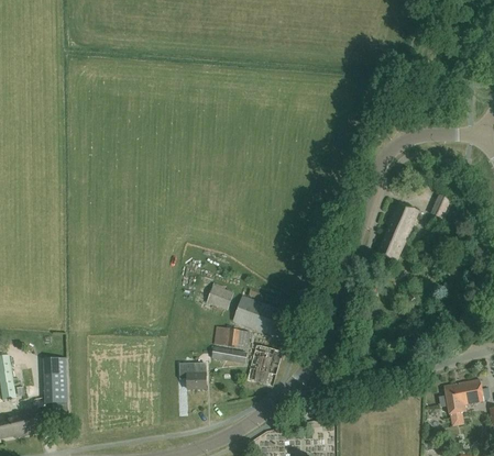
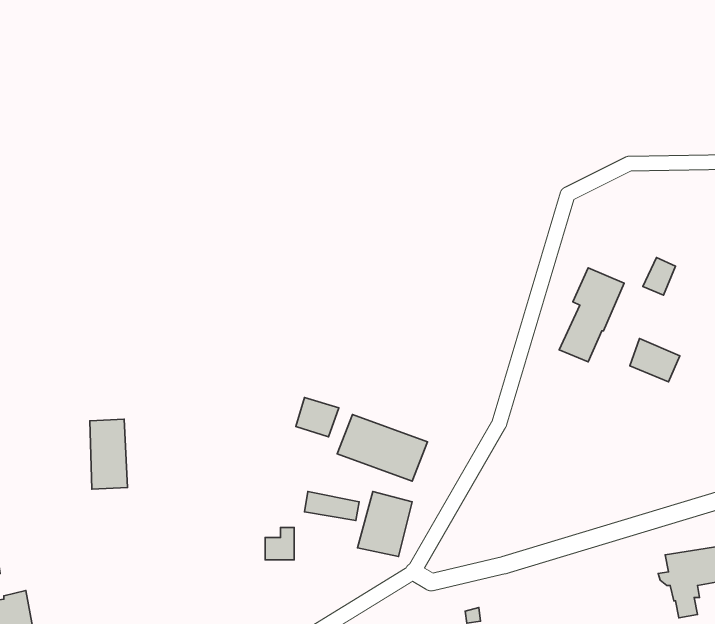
building: none -> [630,338,680,382]
building: [215,325,250,348] -> none
building: [43,357,67,402] -> [90,419,128,489]

